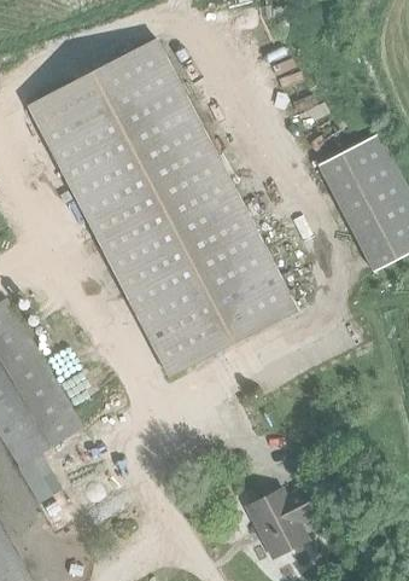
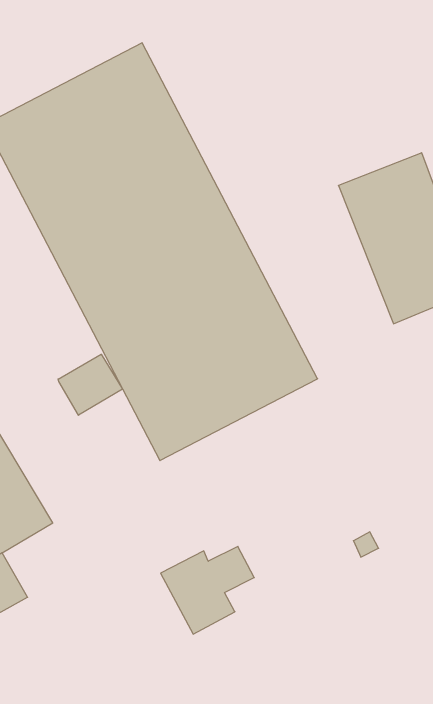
building: none -> [58,354,123,415]
building: [247,486,323,557] -> [161,546,254,634]

